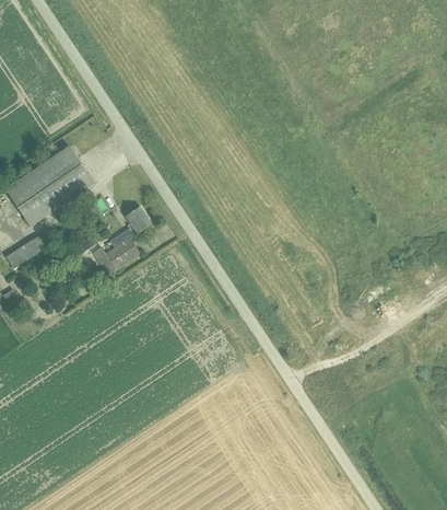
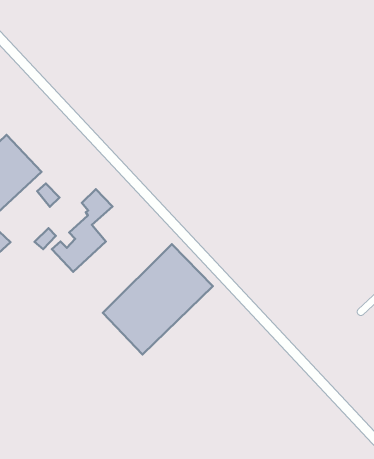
building: none -> [103,244,213,355]

